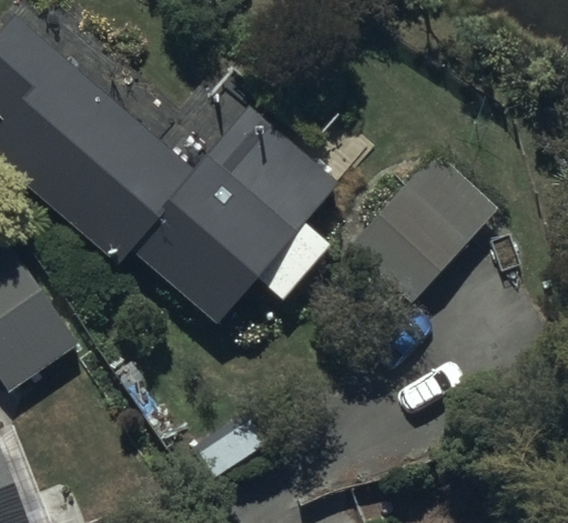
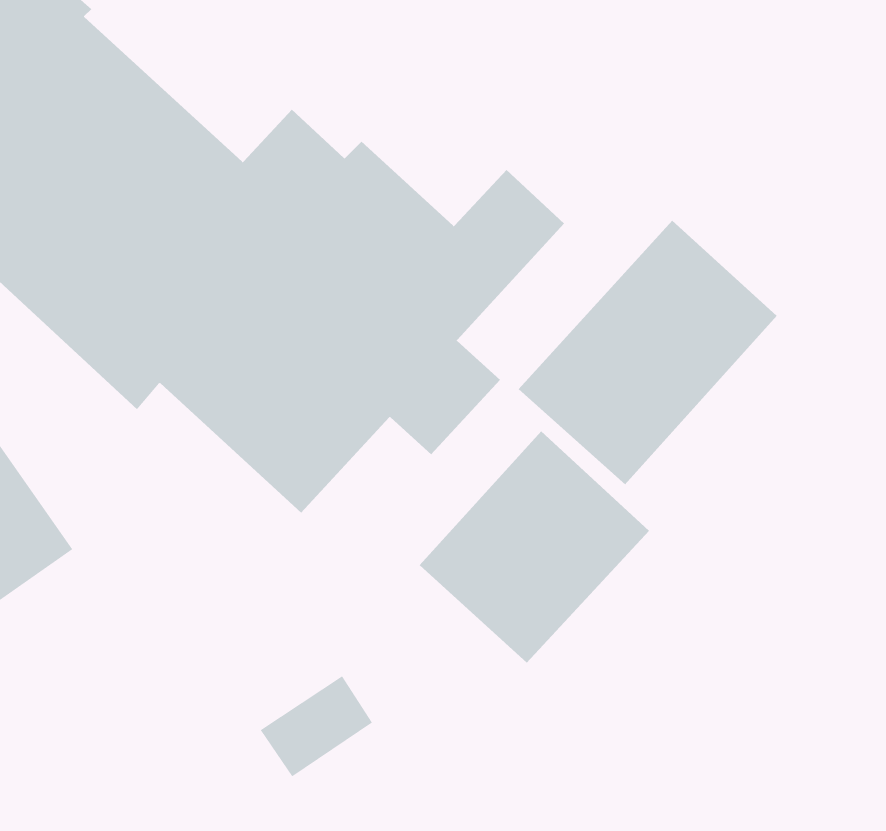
building: none -> [419,431,650,664]

